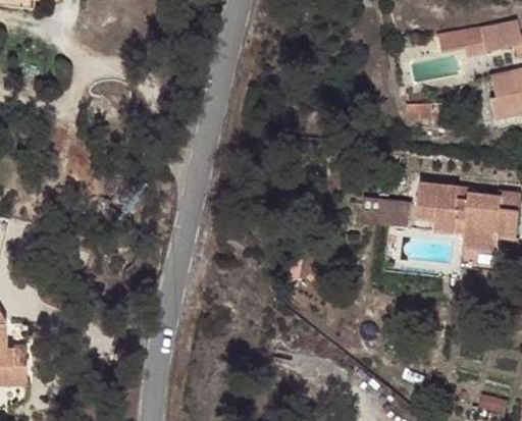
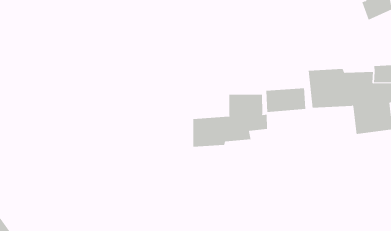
building: none -> [193,94,268,148]

